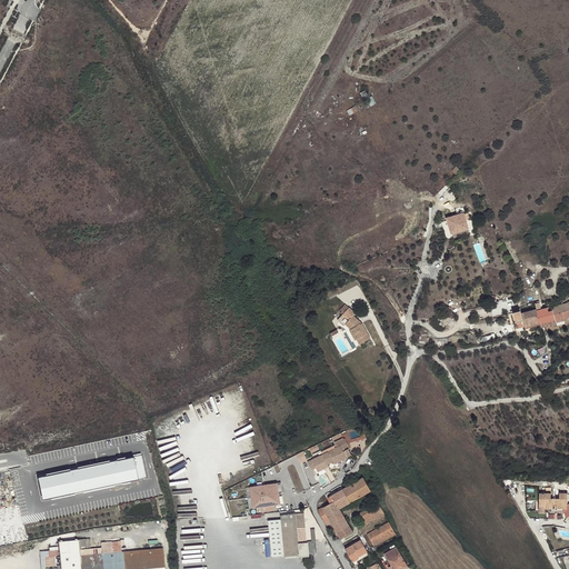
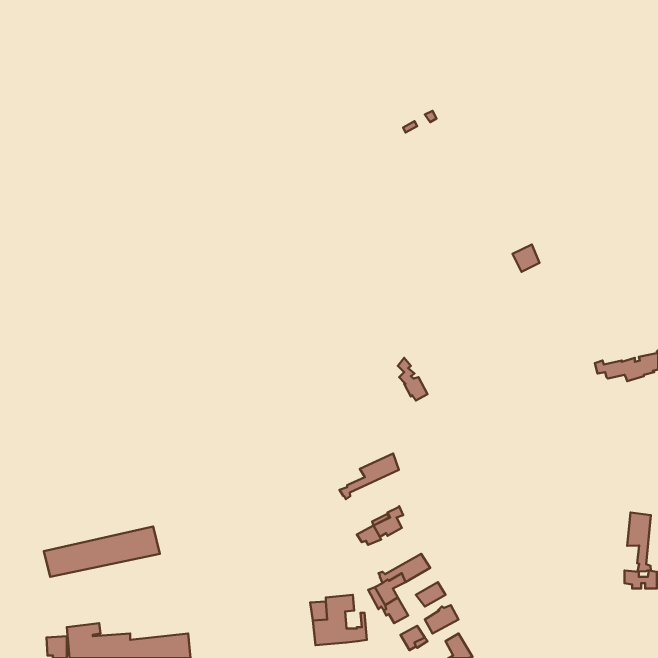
building: none -> [339,453,399,499]
building: none -> [627,512,651,571]
building: [250,482,281,512] -> none

